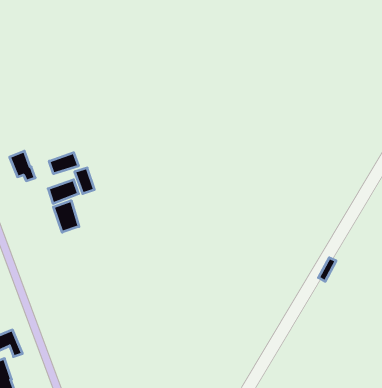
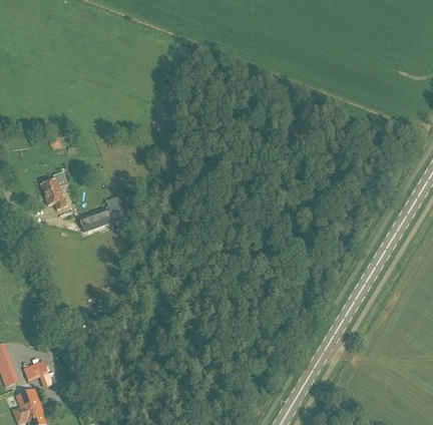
building: [49,153,78,174] -> none
building: [53,201,79,232] -> none

